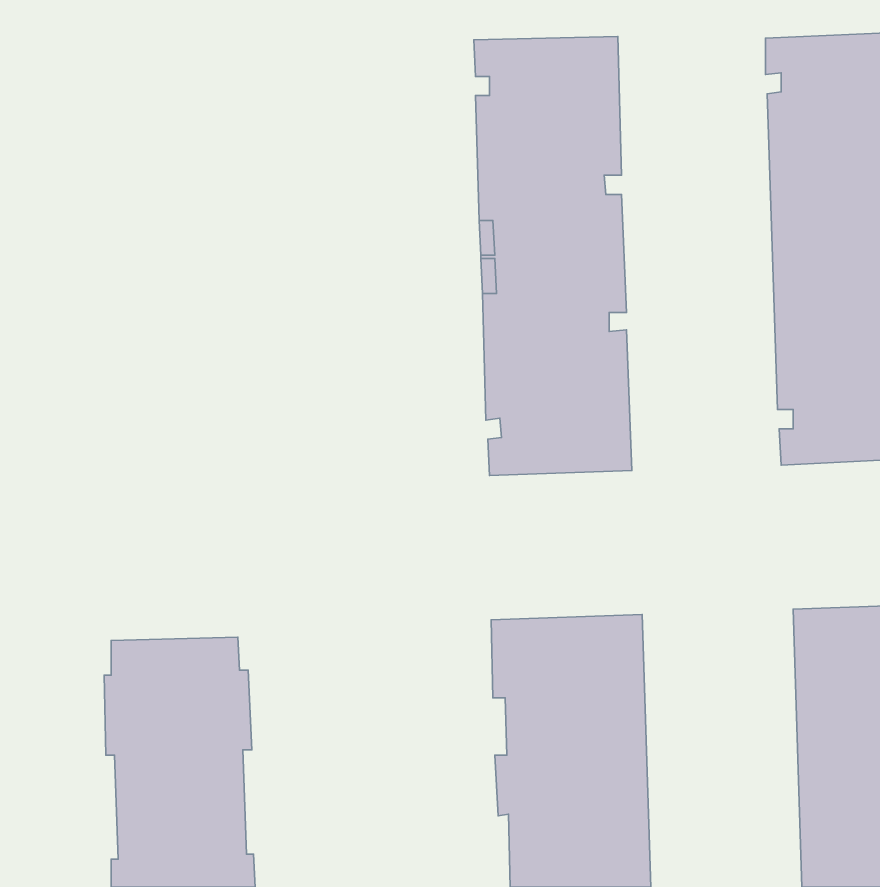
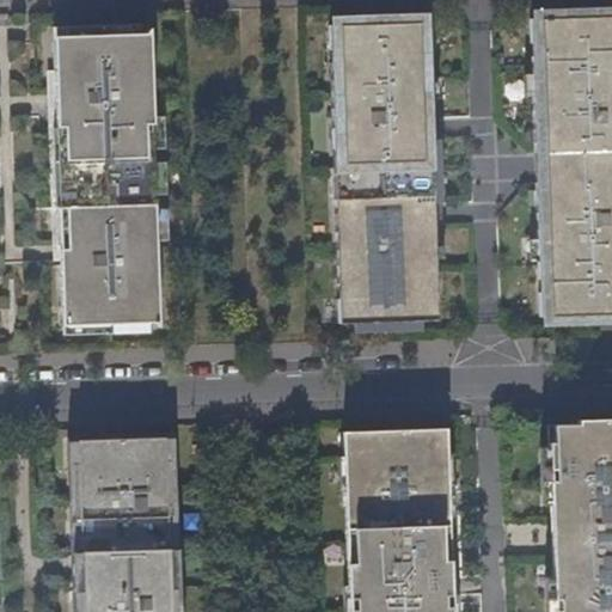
building: none -> [59,31,164,331]

